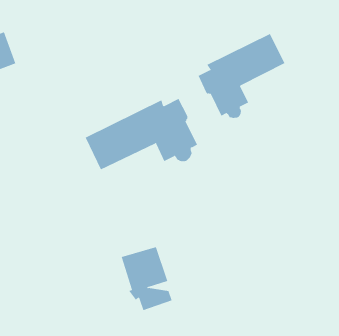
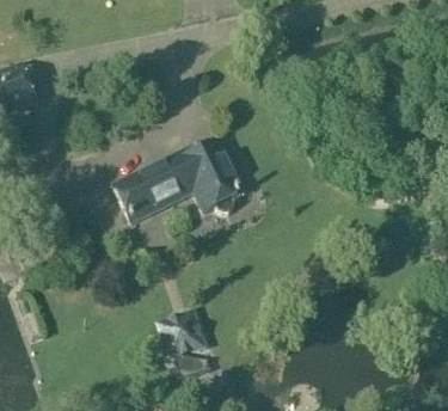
building: [198,33,285,119] -> none

